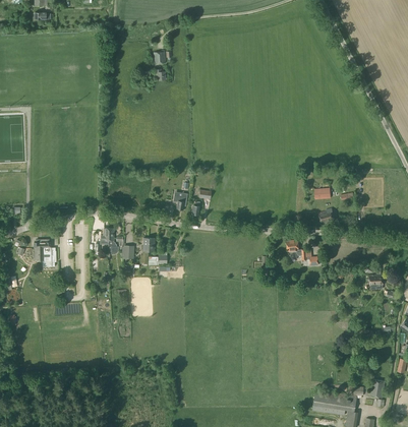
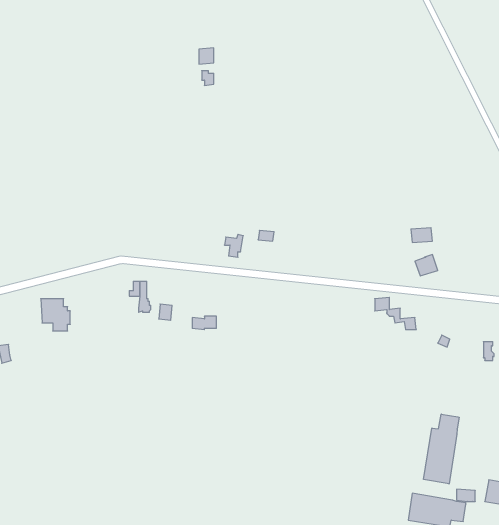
building: none -> [424,414,459,484]

